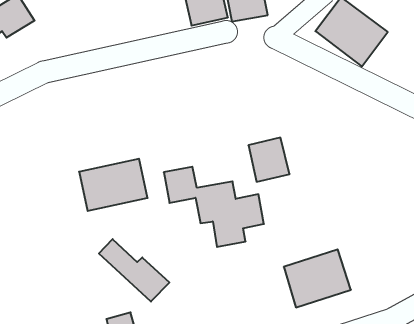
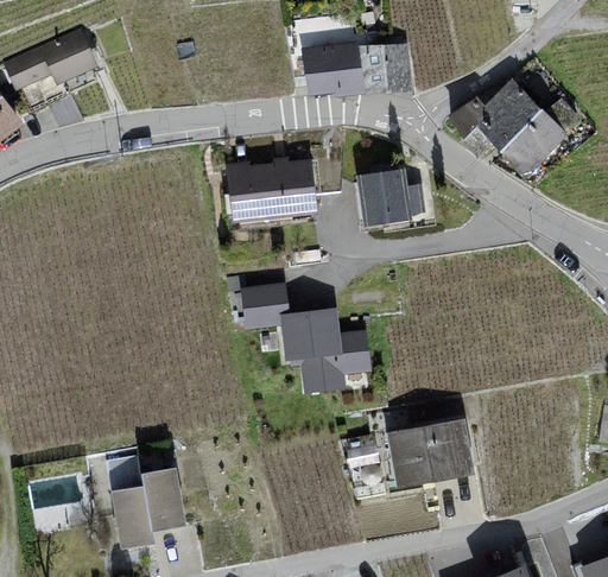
building: [248,138,290,182] -> [356,171,406,226]
building: [79,159,148,211] -> [226,159,312,220]
building: [99,239,169,302] -> none

